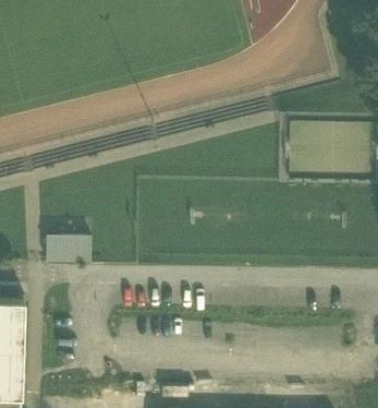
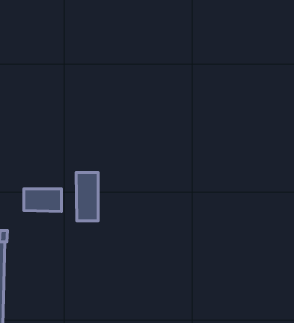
building: none -> [76,173,98,221]

